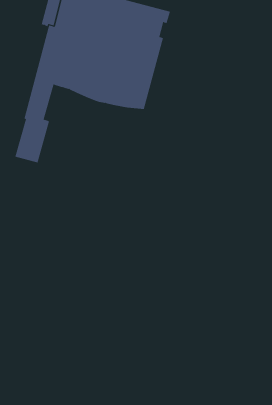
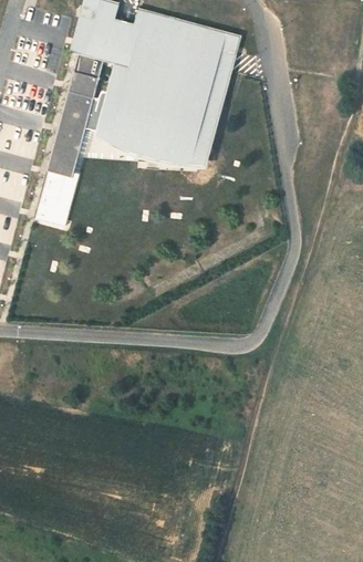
building: none -> [93,35,240,168]

